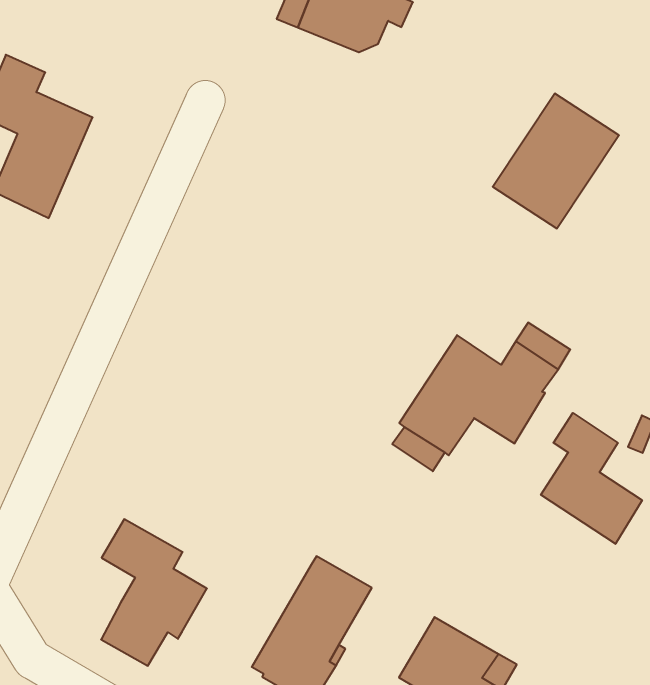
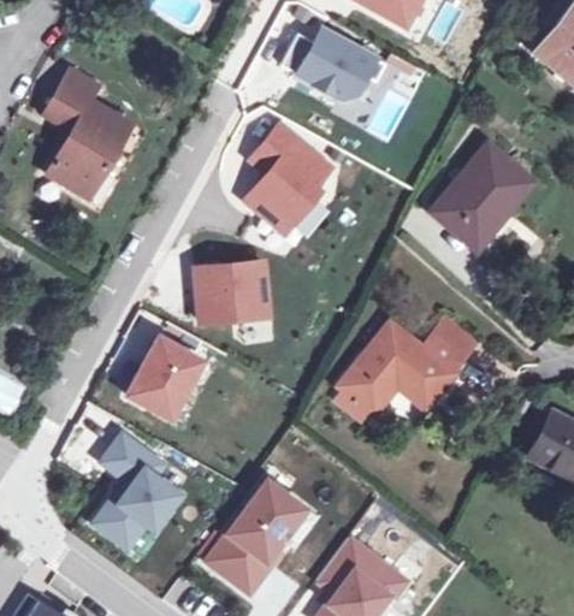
building: none -> [245,125,330,232]
building: none -> [194,262,267,324]
building: none -> [126,338,202,420]
building: [541,413,642,544] -> none

